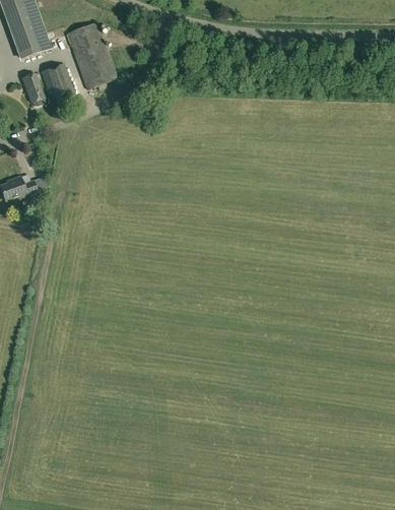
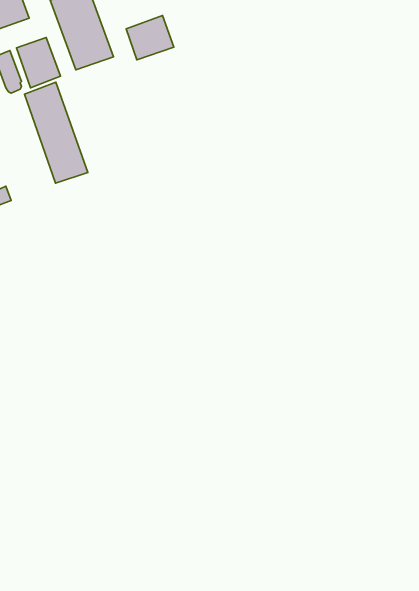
building: none -> [126,16,174,60]
building: none -> [24,82,88,183]

